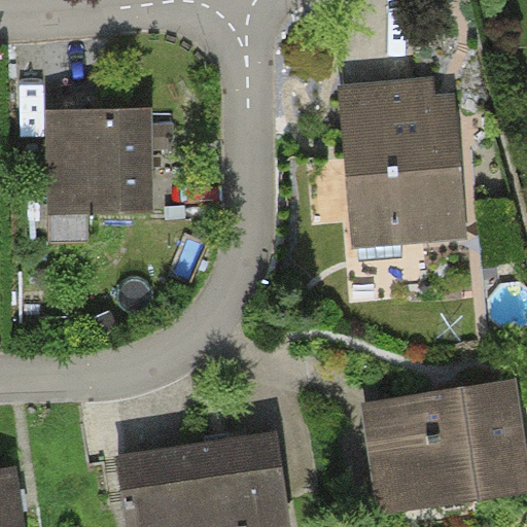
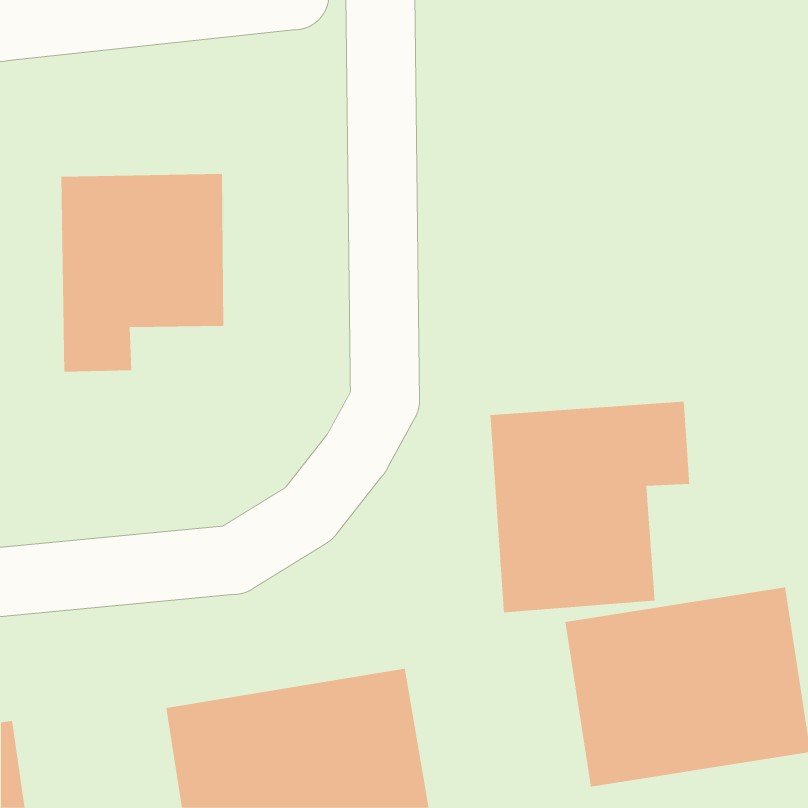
building: [343,81,470,247] -> none
building: none -> [490,401,690,613]

